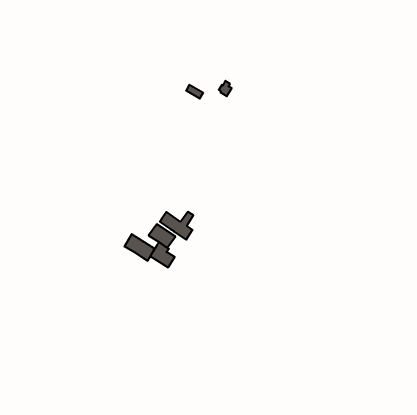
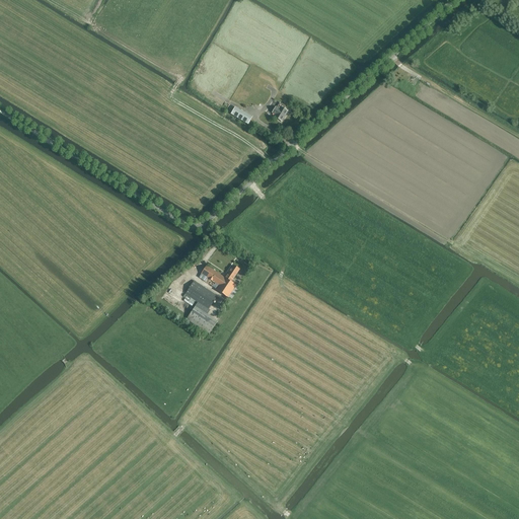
building: [125,234,154,261] -> none

